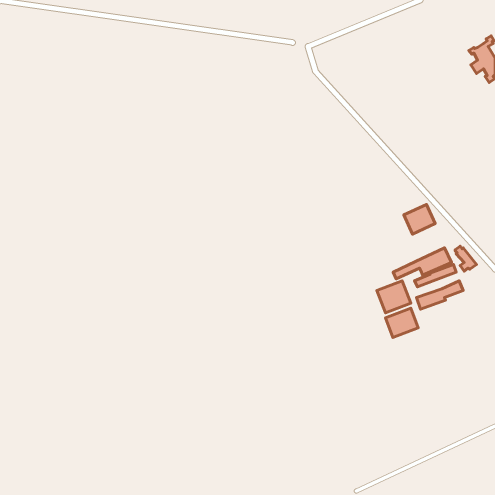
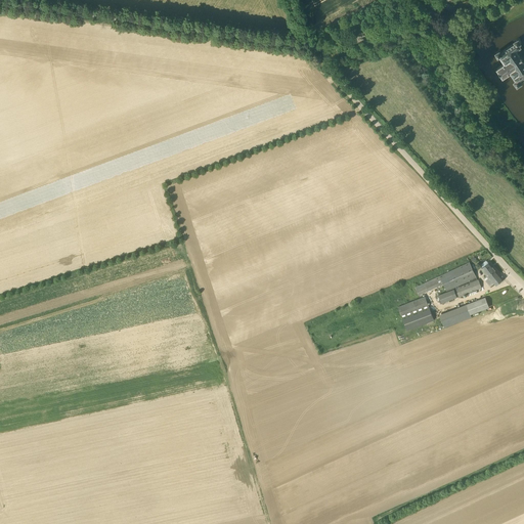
building: [404,205,435,234] -> none
building: [385,308,418,337] -> none

